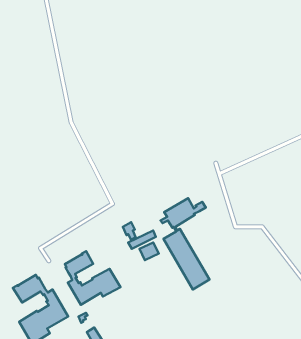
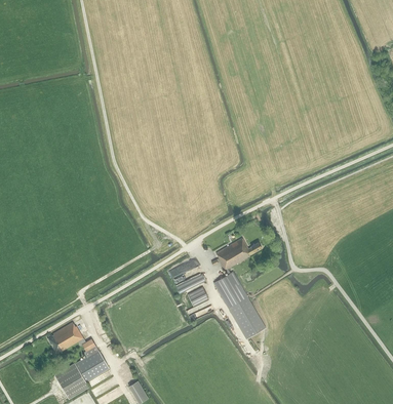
building: [65,251,120,305] -> none

